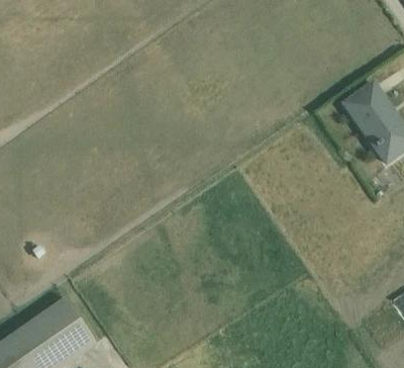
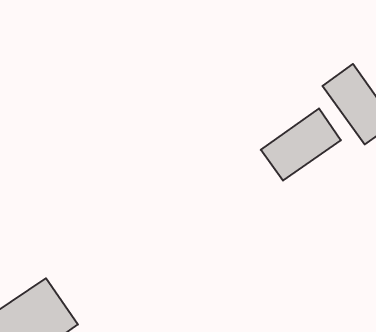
building: none -> [261,108,341,181]

